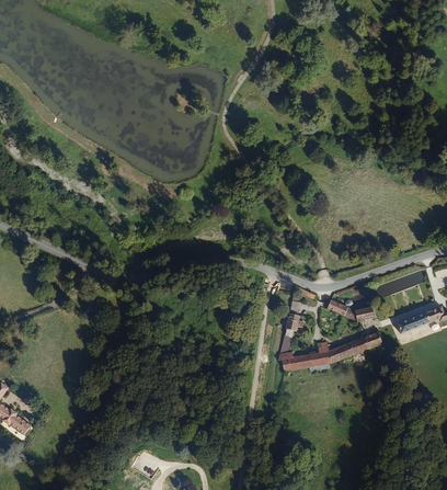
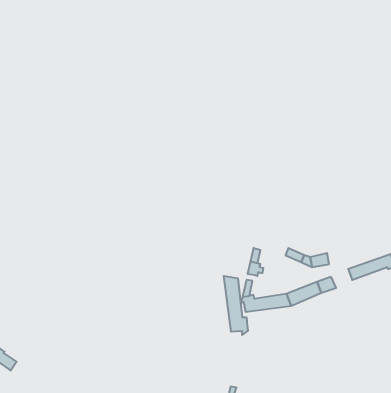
building: none -> [224,276,248,335]

